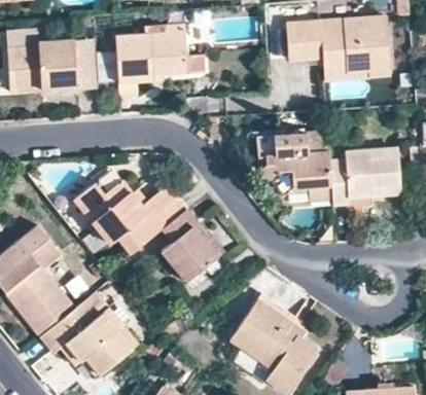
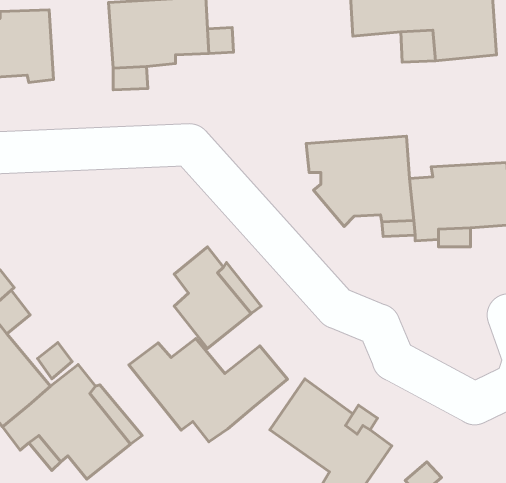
building: [74,38,98,89] -> none
building: [74,179,186,252] -> [129,339,287,442]

